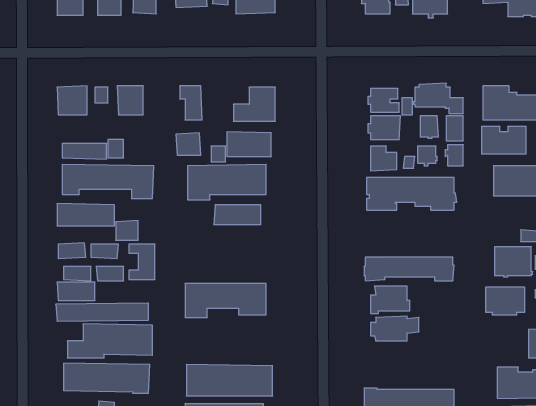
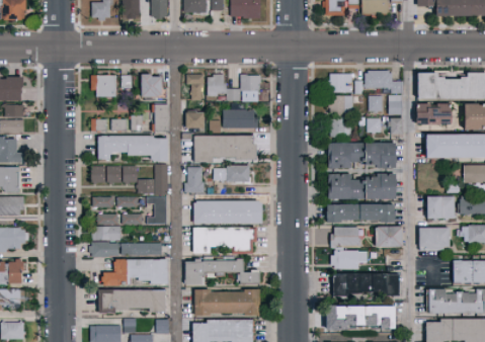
building: none -> [207,73,226,94]
building: none -> [151,102,166,130]
building: none -> [153,163,168,194]
building: none -> [184,165,201,192]
building: none -> [330,174,400,200]
building: none -> [190,198,259,223]
building: none -> [378,227,405,248]
building: none -> [181,259,256,282]
building: none -> [335,274,402,297]

